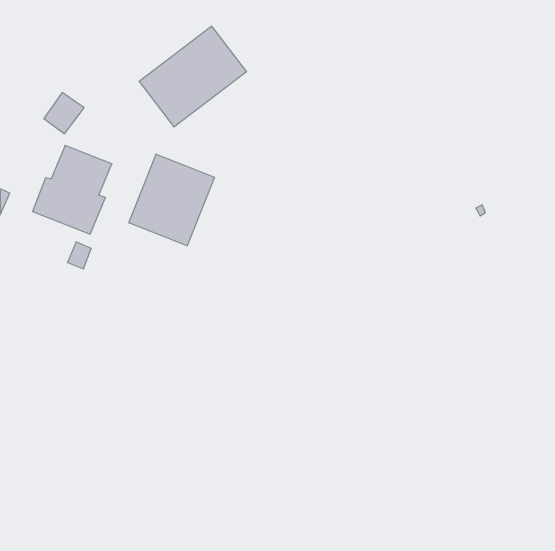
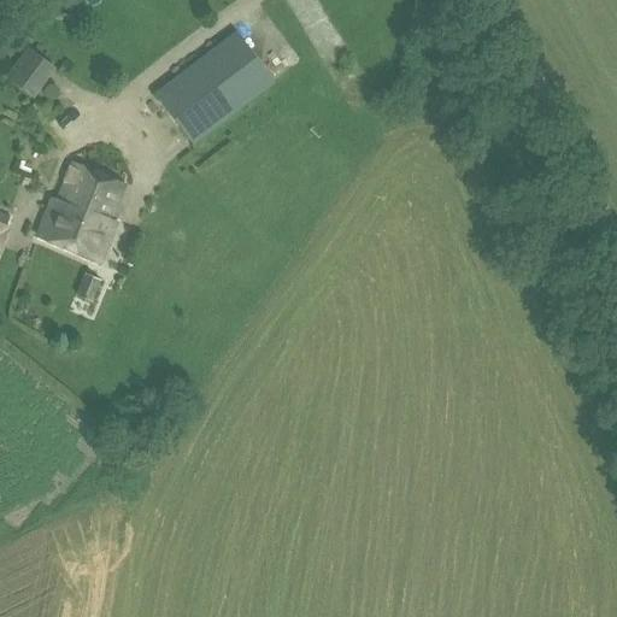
building: [44,93,84,134] -> [10,48,54,94]
building: [129,154,215,246] -> none

